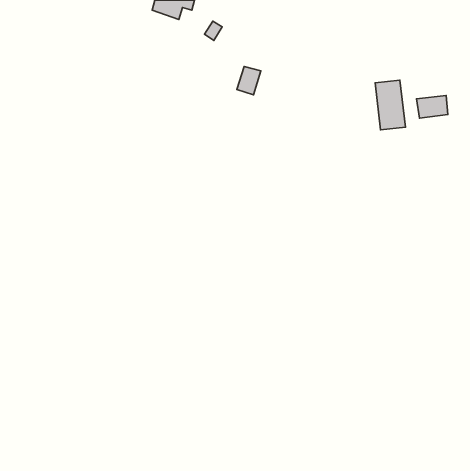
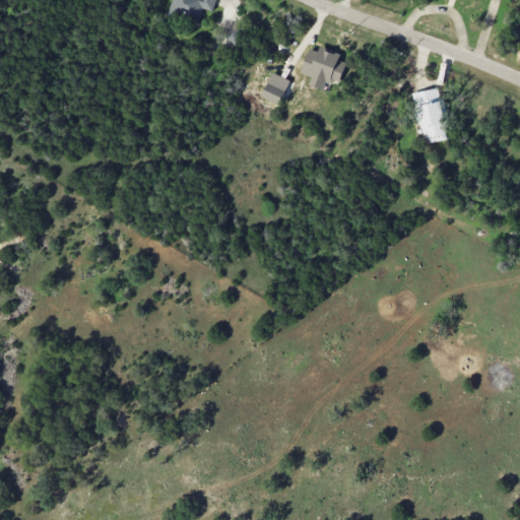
building: none -> [300,48,345,89]
building: [417,95,448,118] -> none

